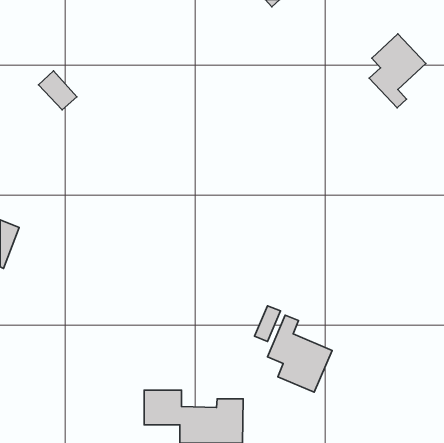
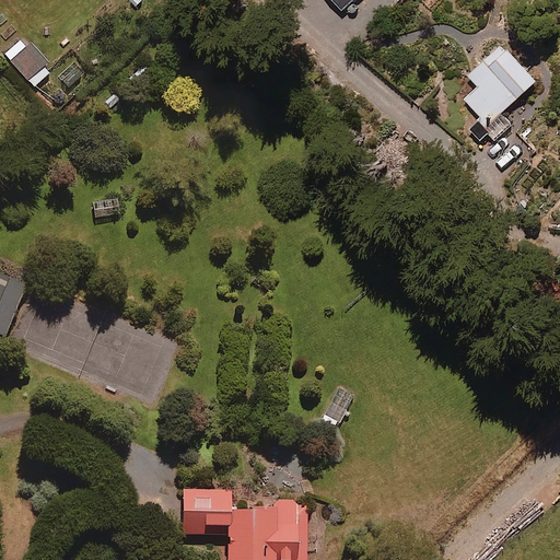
building: [39,71,77,110] -> [4,37,52,86]
building: [267,315,332,392] -> none

